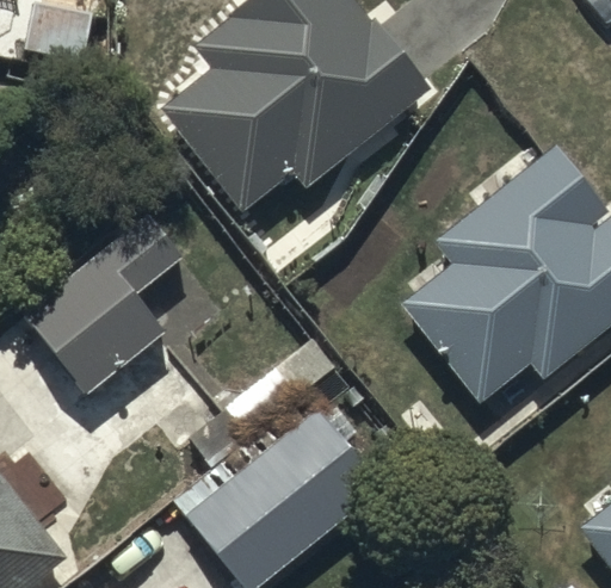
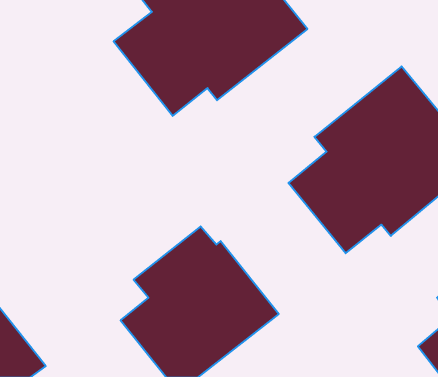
building: [23,213,183,391] -> none

